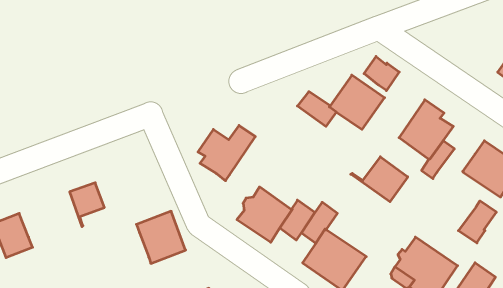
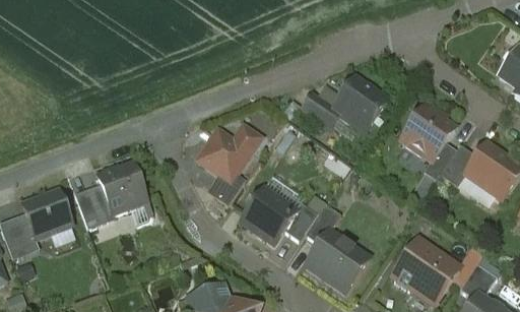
building: [364,56,399,91] -> none
building: [351,157,408,202] -> none
building: none -> [211,174,245,202]
building: none -> [23,190,73,237]
building: [458,201,496,243] -> [440,143,477,185]
building: [136,211,186,263] -> [99,162,147,213]

